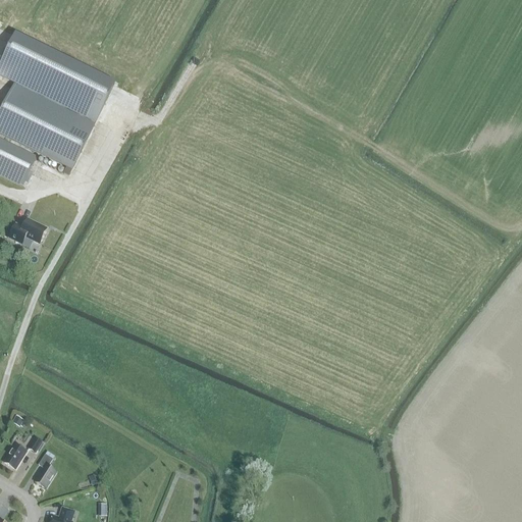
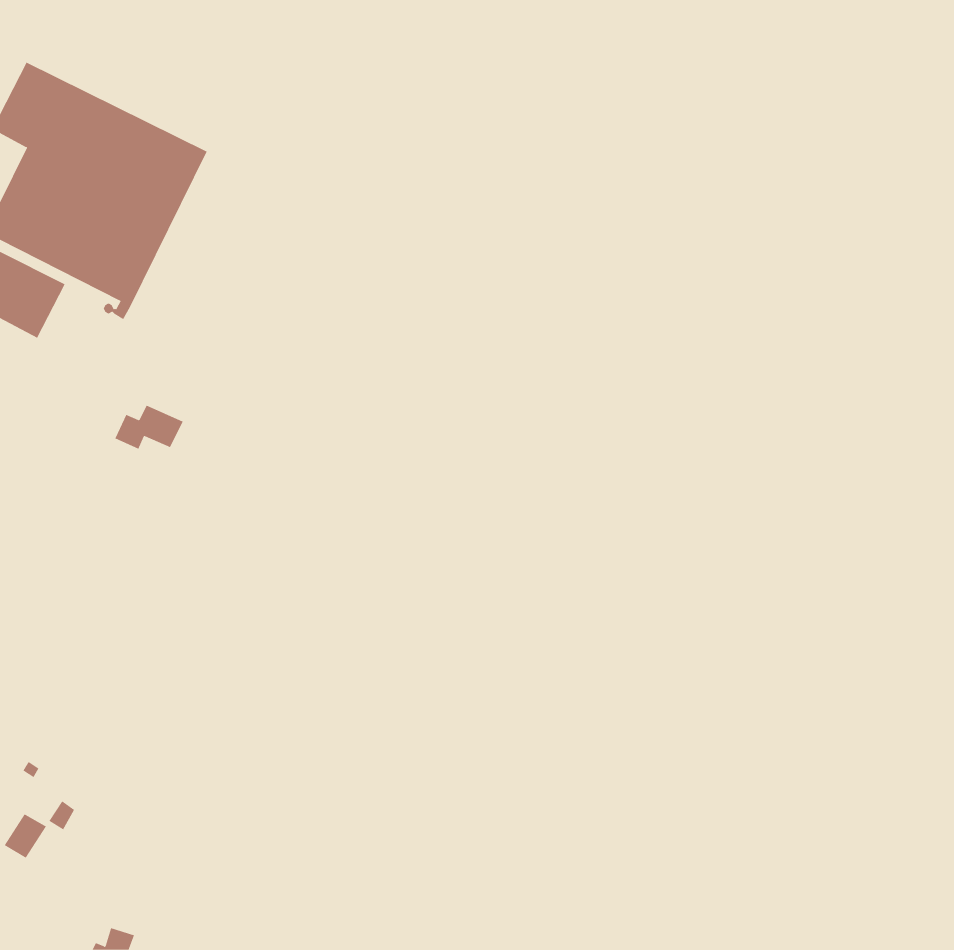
building: [8,218,46,243] -> [114,405,184,450]
building: [34,450,55,487] -> none

